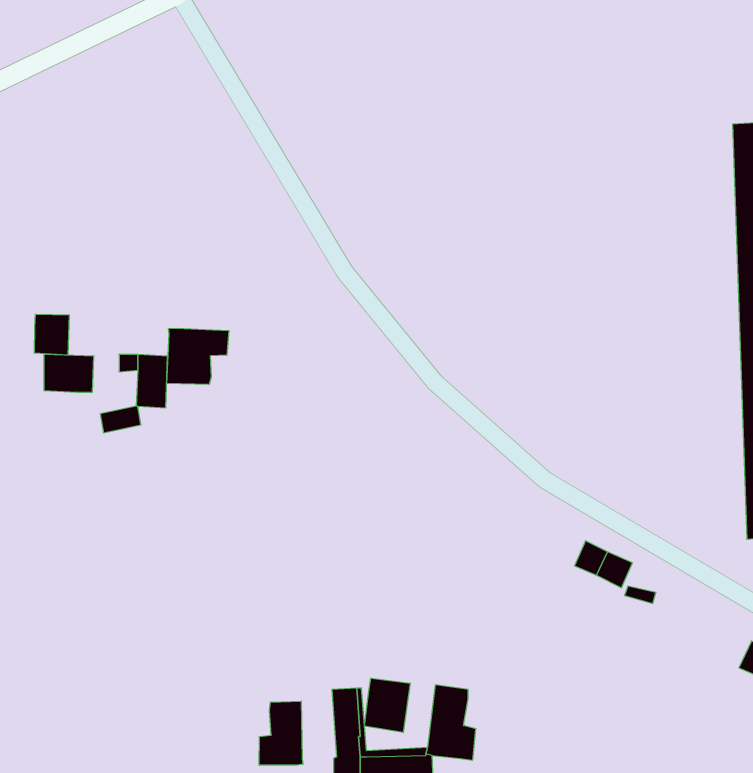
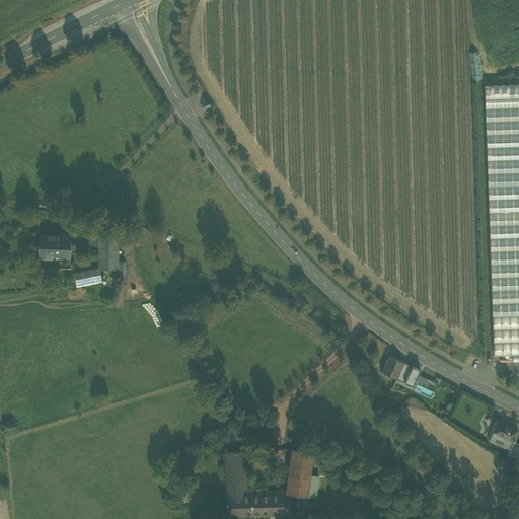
building: [34,314,69,355] -> none
building: [167,328,229,385] -> none
building: [365,678,410,733] -> none
building: [259,701,303,765] -> none

